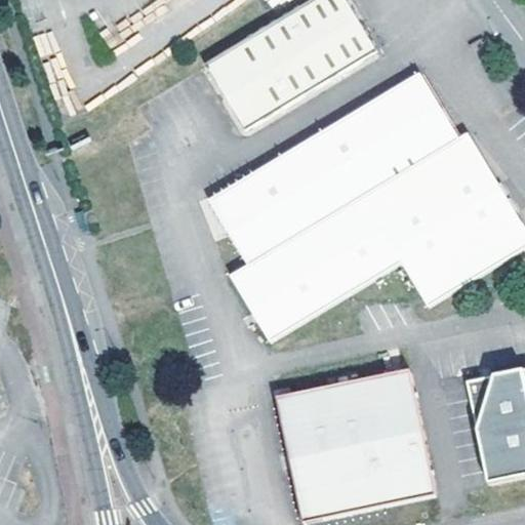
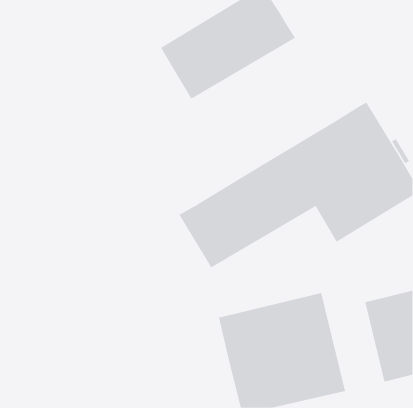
building: [208,70,457,260] -> none

